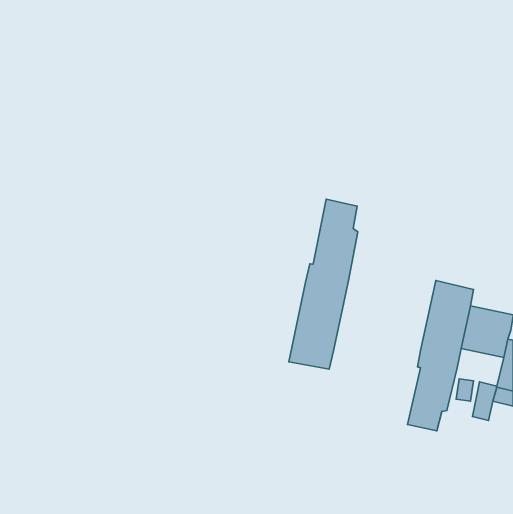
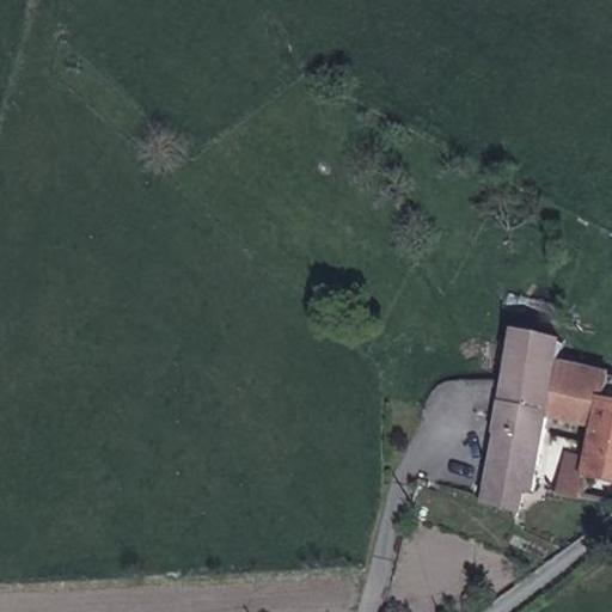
building: [289,199,358,369] -> none

